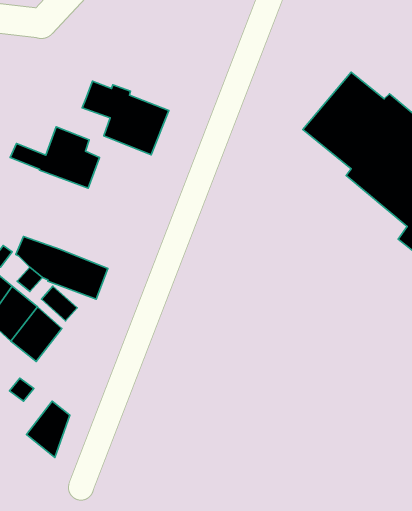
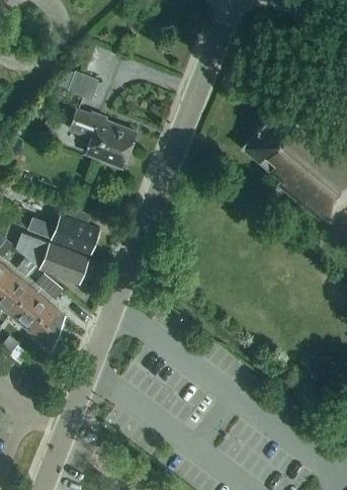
building: none -> [68,72,99,100]
building: [10,127,99,188] -> [28,206,99,254]
building: [27,401,70,457] -> [31,307,66,351]

